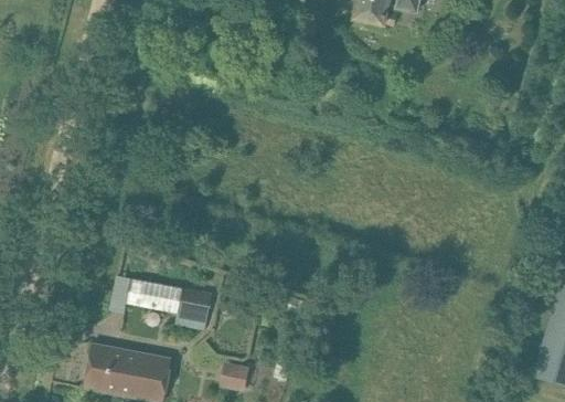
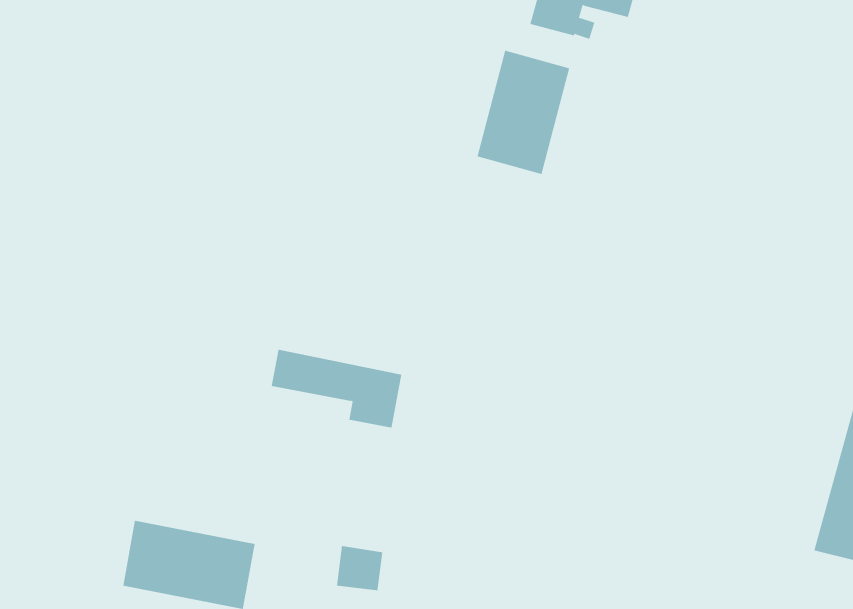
building: none -> [477,50,570,175]
building: [124,277,210,329] -> [271,349,402,428]

